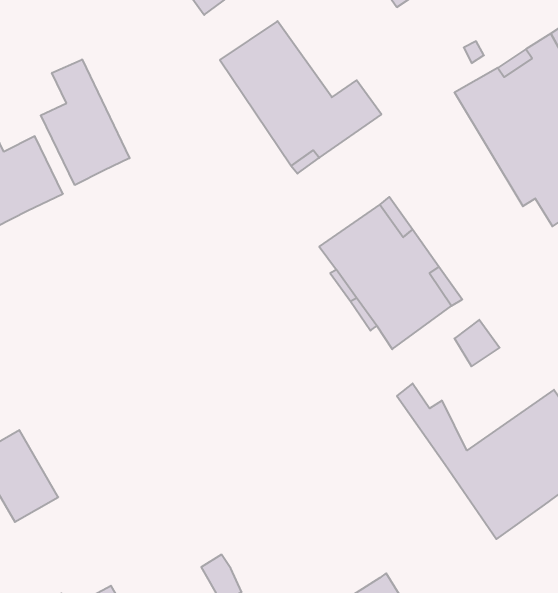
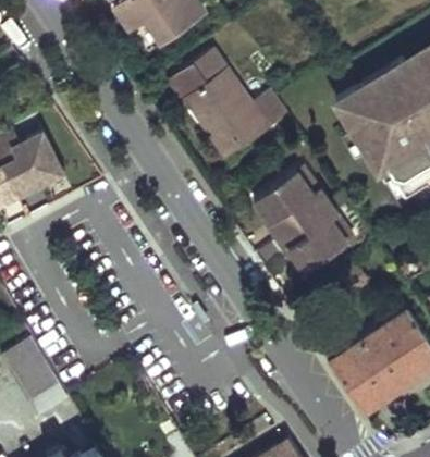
building: [41,59,130,185] -> none

